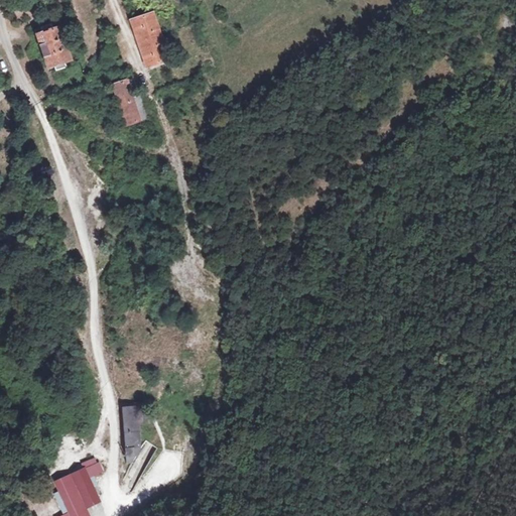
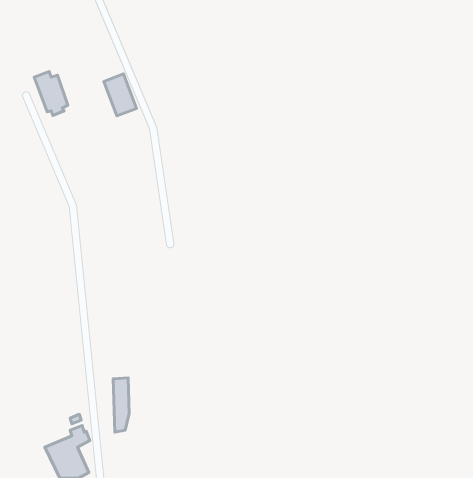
building: [130,12,169,66] -> none
building: [33,22,70,70] -> [34,72,68,116]

